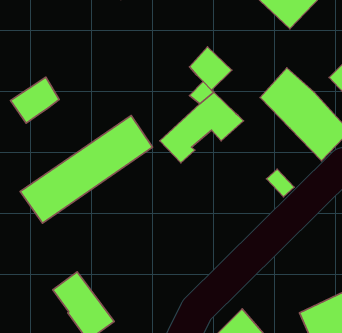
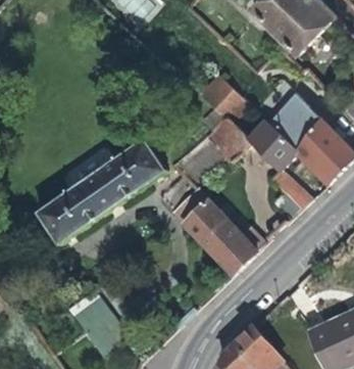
building: [11,77,59,123] -> none
building: none -> [248,119,298,172]
building: none -> [172,187,266,275]

